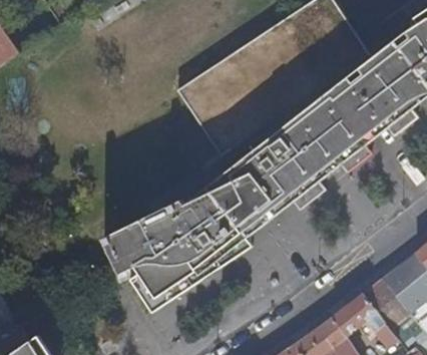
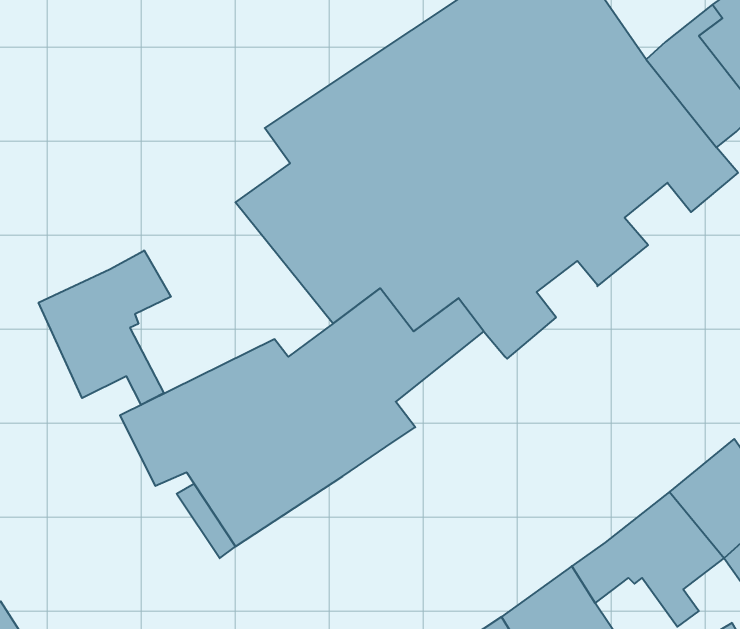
building: none -> [39,250,171,405]

